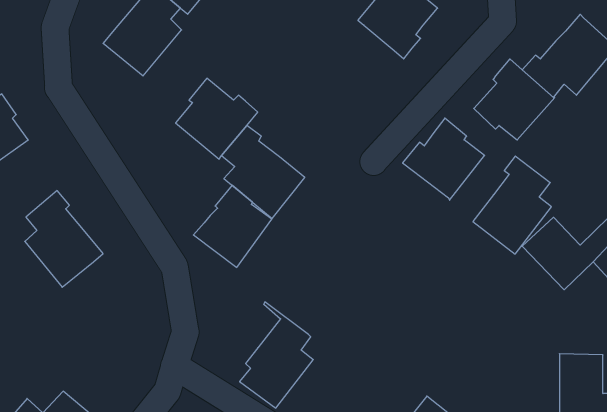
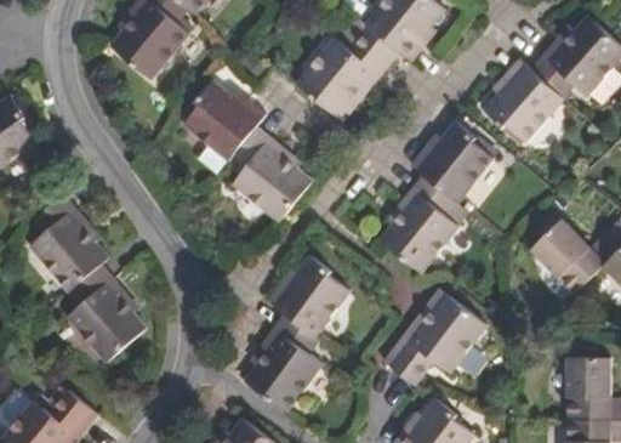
building: none -> [297,27,401,120]
building: [473,156,551,254] -> [378,174,457,272]
building: [193,185,272,267] -> [272,255,351,337]
building: none -> [63,265,146,364]
building: none -> [383,291,485,384]

